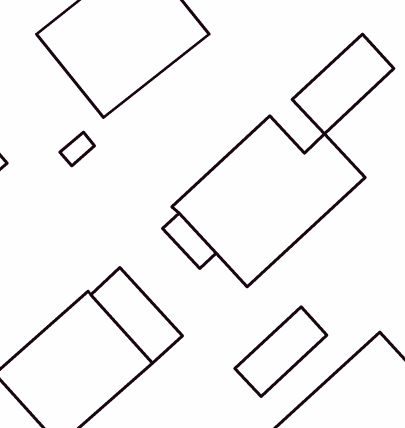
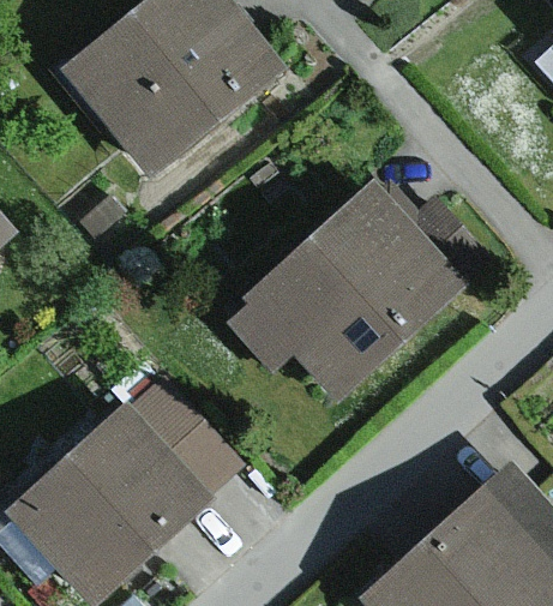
building: [292,34,394,134] -> none
building: [235,307,327,397] -> none

